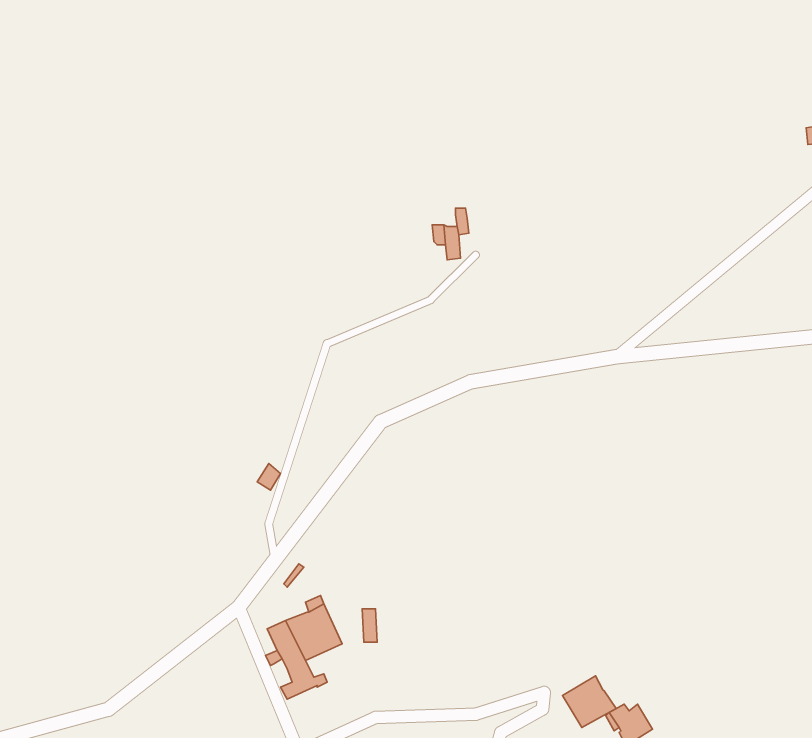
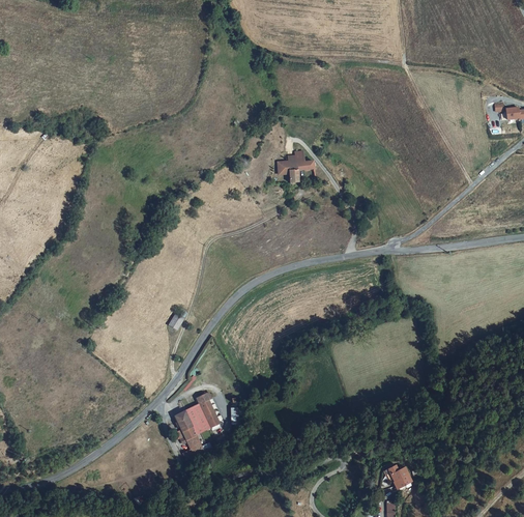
building: [563,676,616,727] -> none

